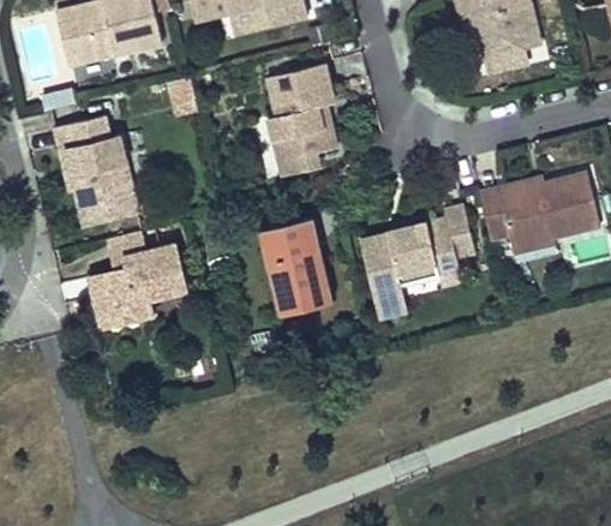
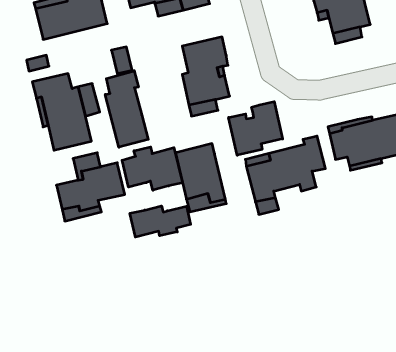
building: none -> [105,71,148,147]
building: none -> [229,102,283,155]
building: none -> [122,147,182,190]
building: none -> [130,206,191,237]

